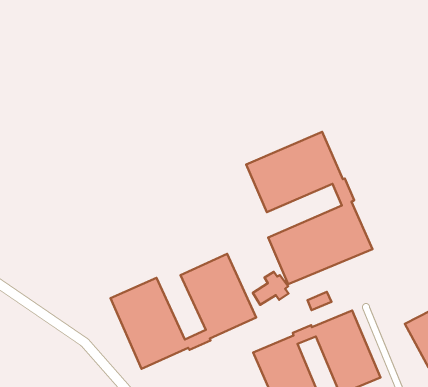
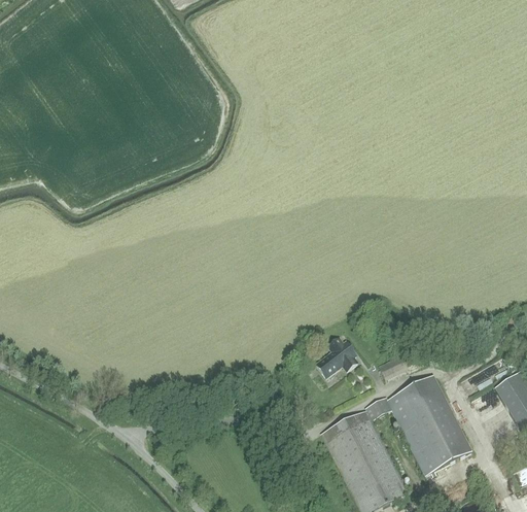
building: [246,132,372,284] -> none
building: [111,254,256,369] -> none

